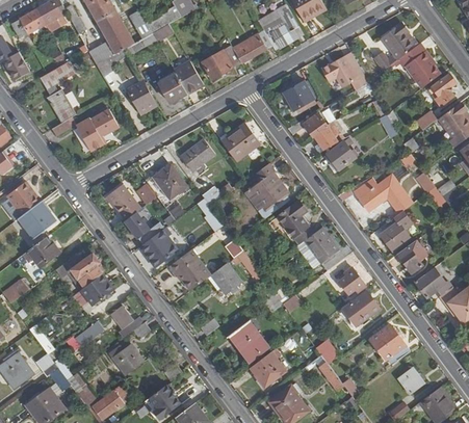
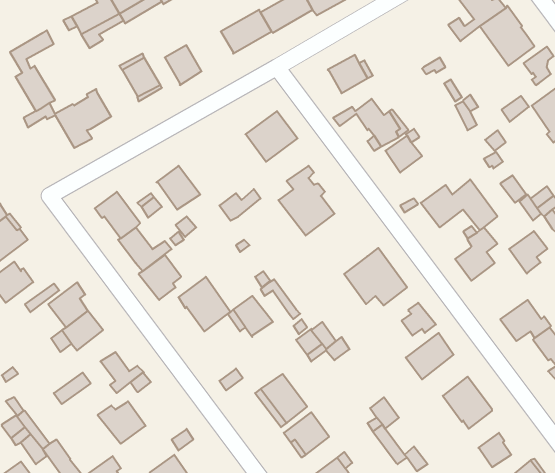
building: [320,52,363,91] -> none
building: [174,60,203,92] -> none
building: [180,139,213,170] -> none
building: [268,202,313,246] -> none
building: [397,240,426,272] -> [509,231,547,274]

